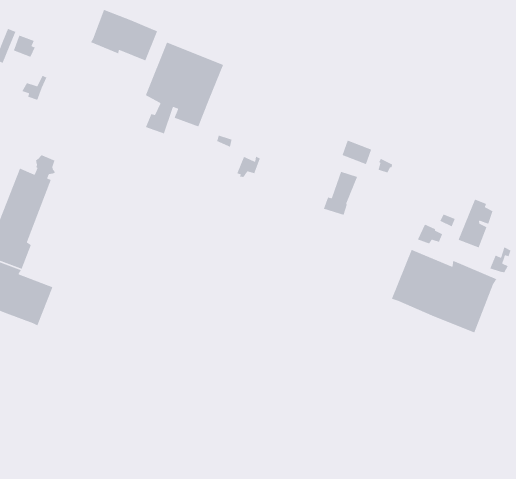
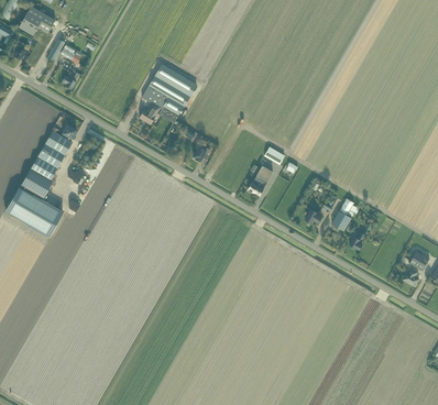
building: [90,9,158,62] -> none
building: [391,249,497,333] -> none

